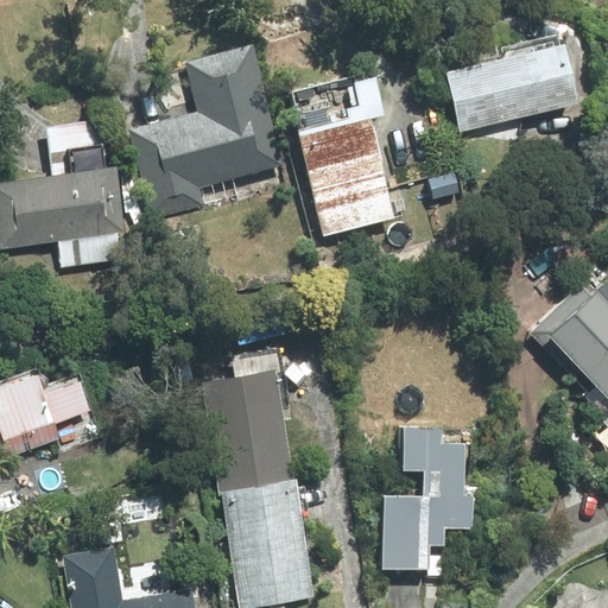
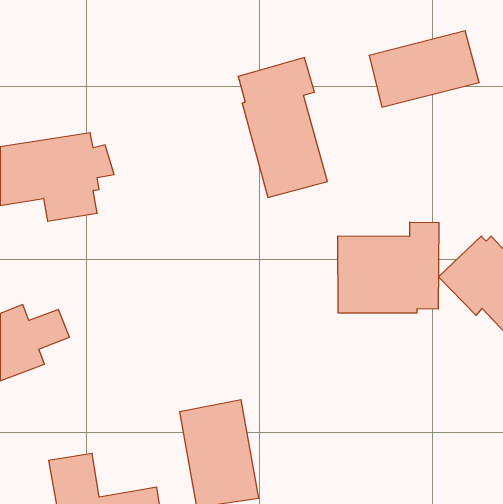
building: [131,42,286,222] -> none
building: none -> [338,222,439,313]
building: [198,366,293,496] -> none
building: [380,424,484,569] -> none

